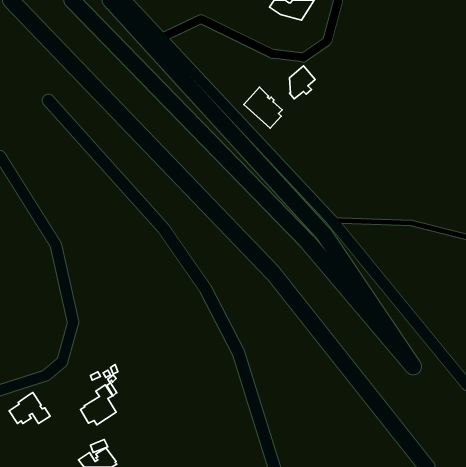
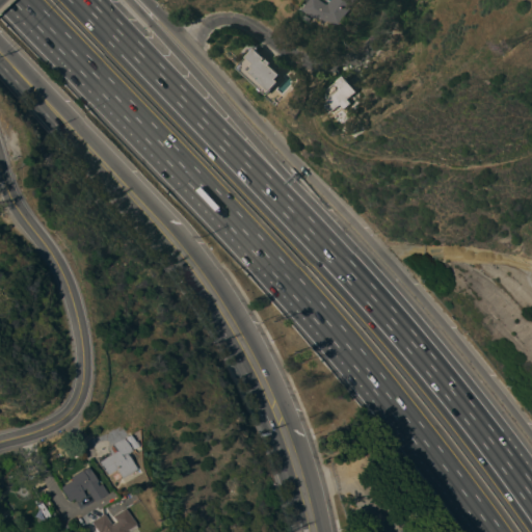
building: [244,87,282,128] -> [237,48,281,95]
building: [9,392,50,423] -> [60,467,107,502]

